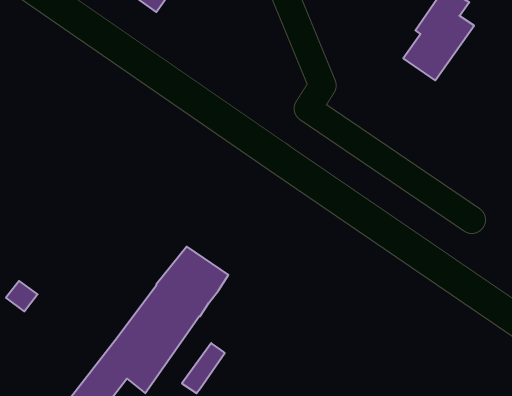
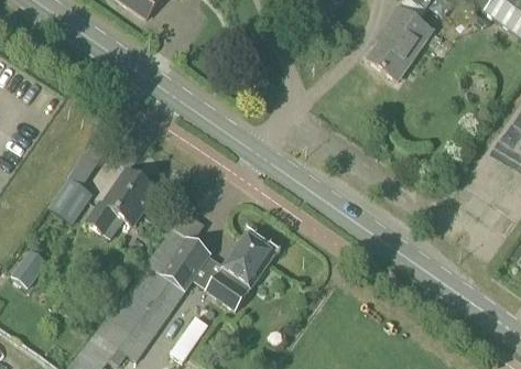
building: none -> [85,169,156,238]
building: none -> [48,175,94,223]
building: none -> [194,234,274,310]

